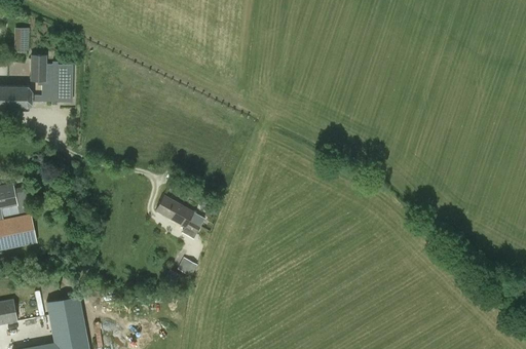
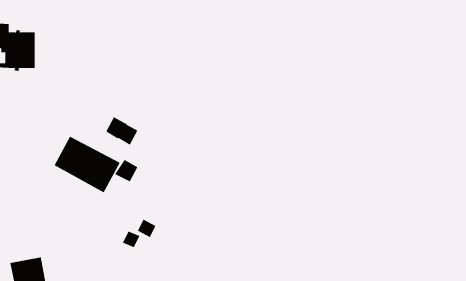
building: none -> [54,136,120,193]
building: [171,204,204,234] -> [105,117,138,146]

